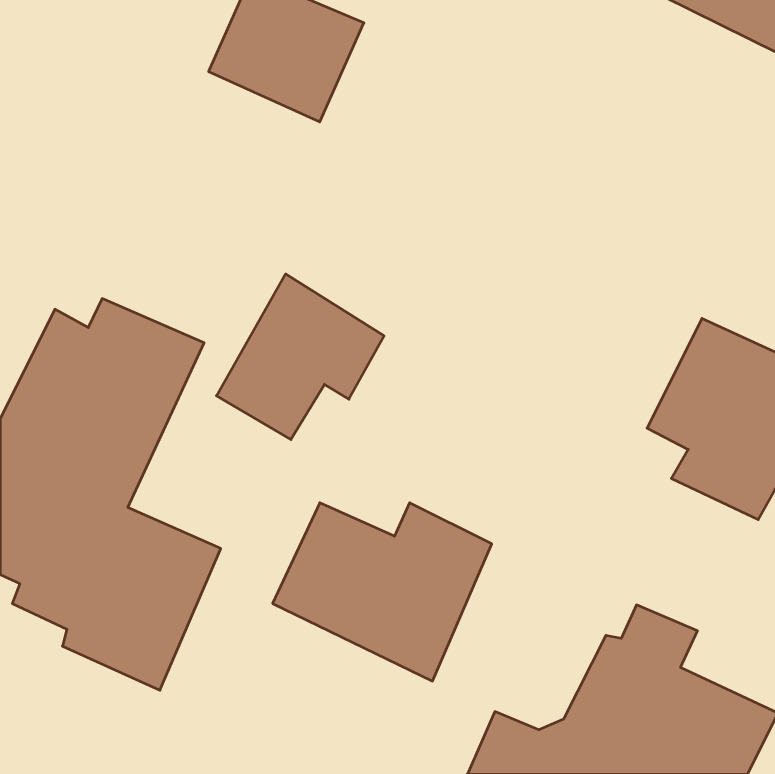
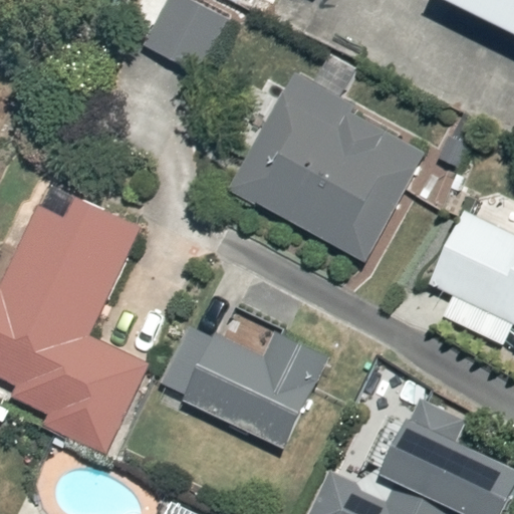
building: none -> [227,72,426,261]
building: [216,274,384,440] -> none

